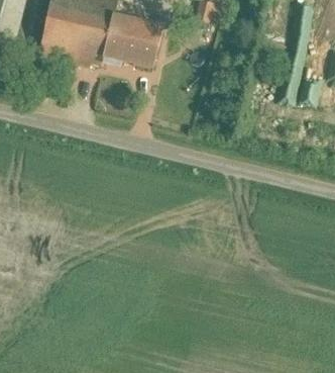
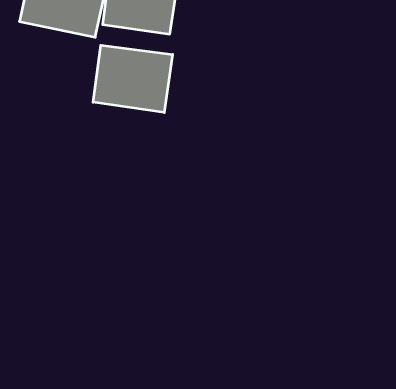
building: none -> [93,45,173,113]

